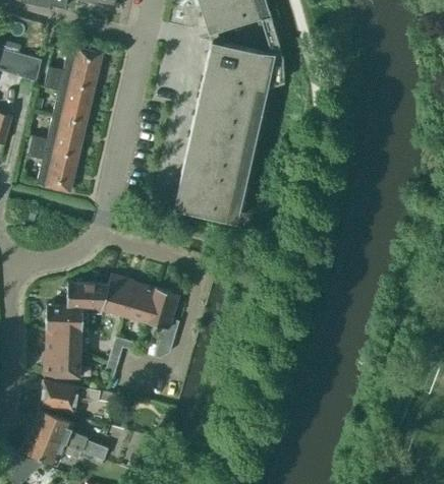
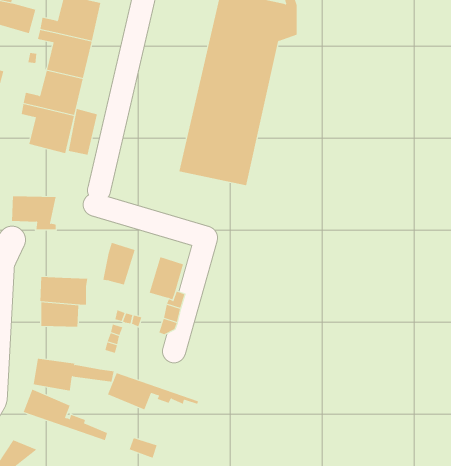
building: none -> [68,108,98,156]
building: [123,282,156,321] -> none
building: [66,284,108,315] -> [11,196,56,230]
building: [44,352,80,379] -> none
building: [21,431,106,466] -> [107,373,199,410]

